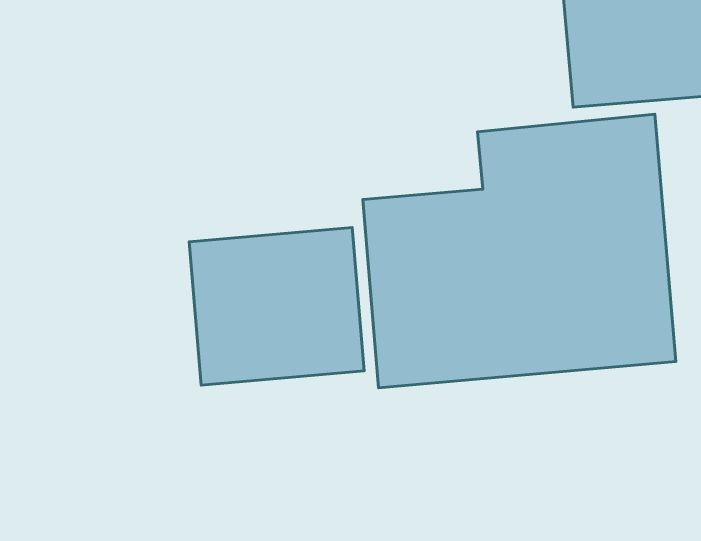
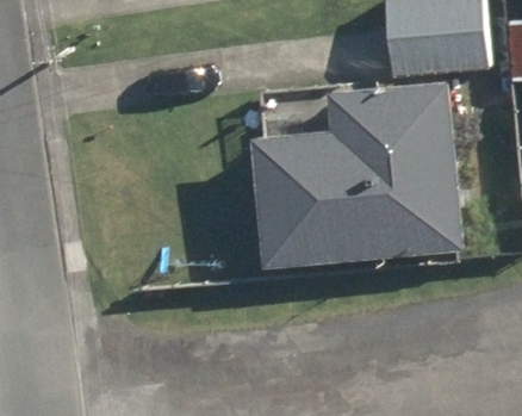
building: [189,228,364,385] -> none

